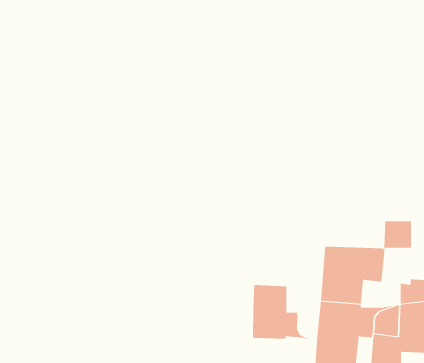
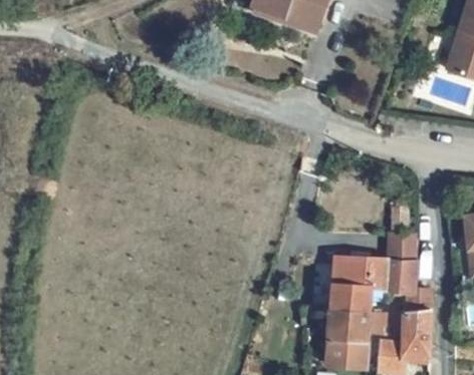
building: none -> [389,261,417,294]
building: [252,284,316,343] -> none

